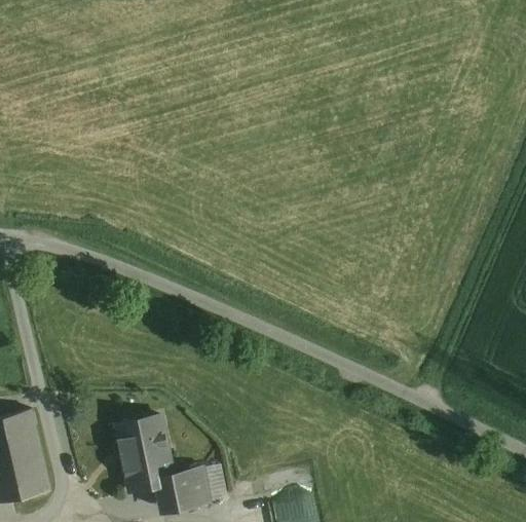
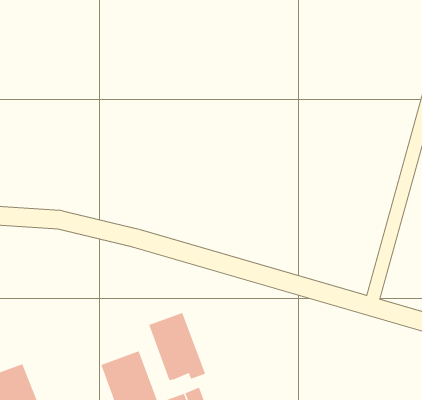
building: none -> [148,312,206,381]

